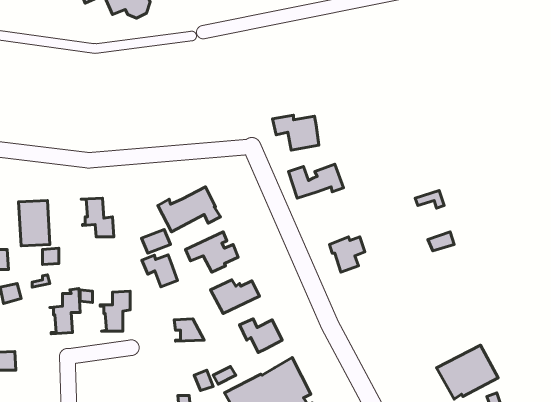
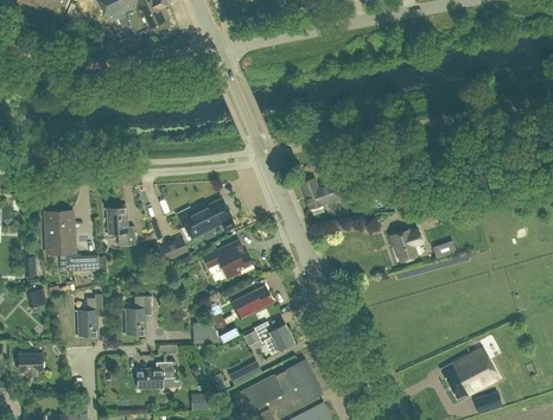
building: [273,115,319,150] -> none
building: [330,237,365,272] -> [389,228,422,261]
building: [142,255,178,287] -> none
building: none -> [138,361,174,390]

